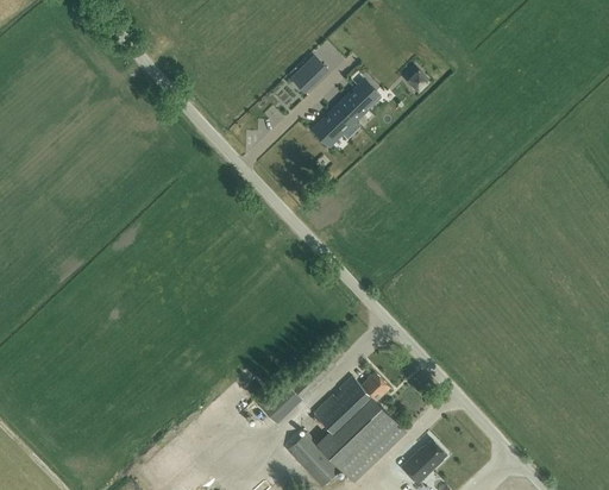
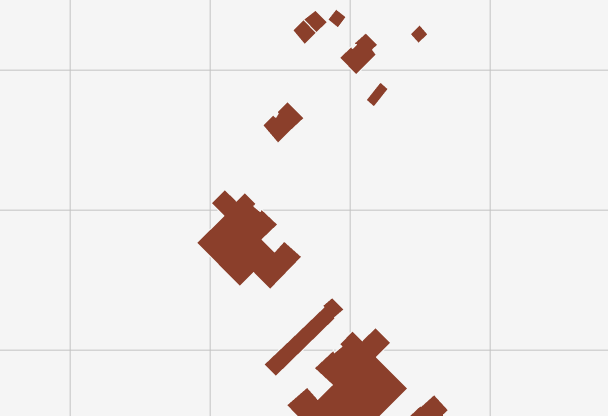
building: [313,105,354,146] -> [262,102,304,143]
building: none -> [196,190,302,289]

